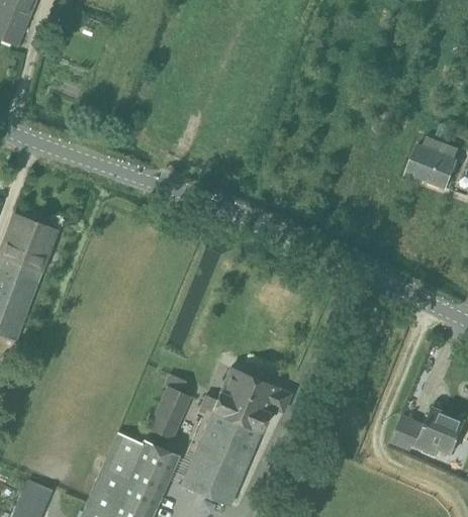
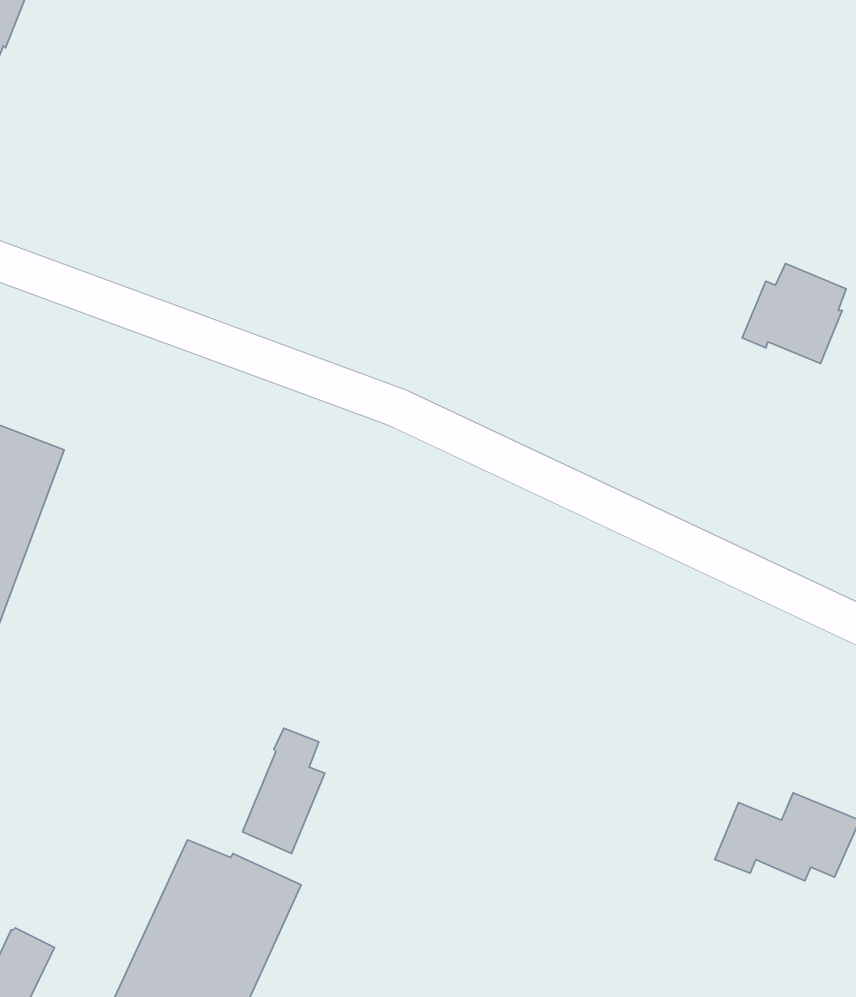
building: [182,369,291,504] -> none

